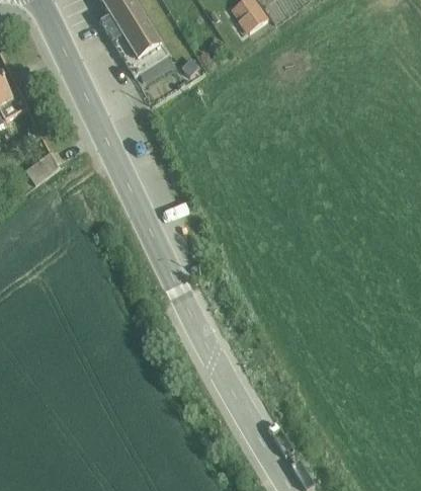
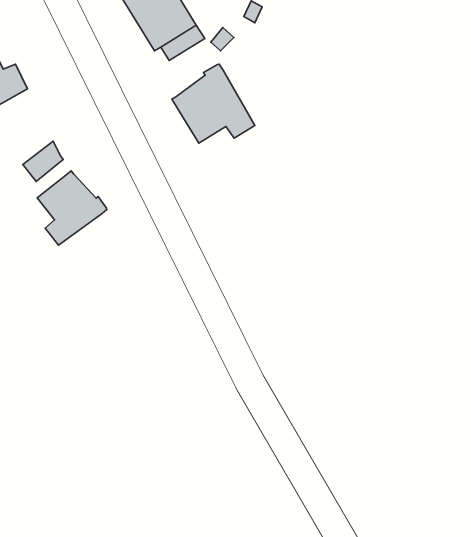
building: none -> [172,64,255,143]
building: none -> [37,171,107,245]

